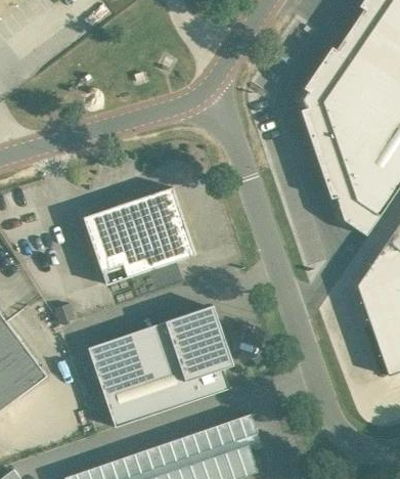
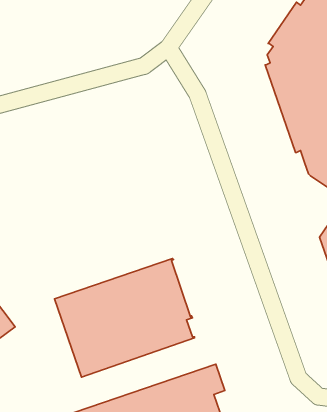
building: [84,186,195,284] -> none

